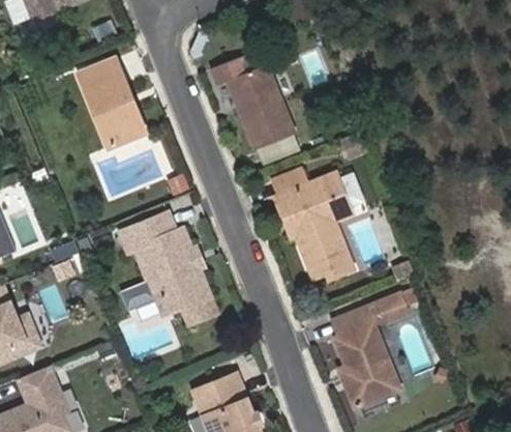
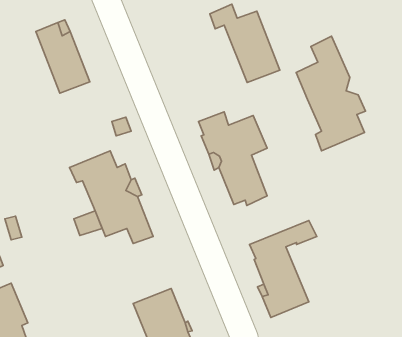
building: [211,54,293,146] -> [210,4,280,83]
building: none -> [296,36,366,151]

